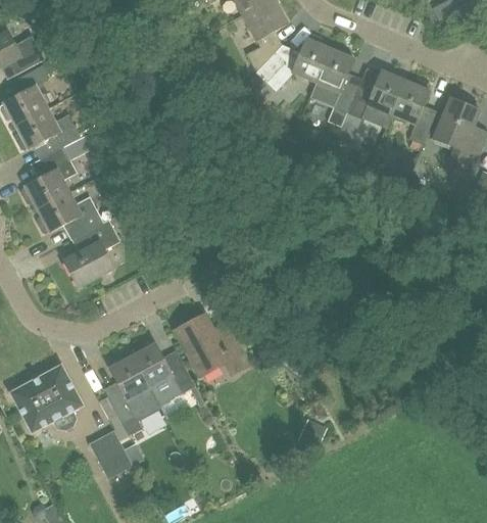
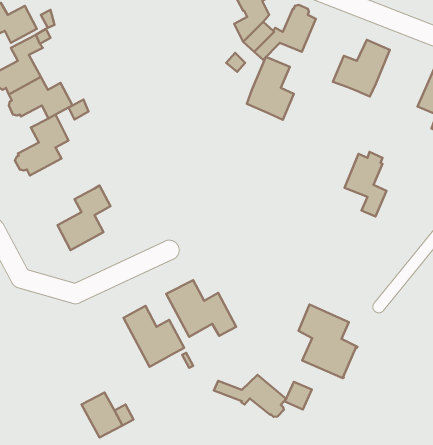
building: [309,48,357,112] -> [247,57,294,120]
building: [390,78,433,144] -> [345,152,386,217]
building: [36,191,102,235] -> none
building: none -> [298,304,358,378]
building: [106,353,160,435] -> none
building: [10,365,81,431] -> none
building: none -> [214,375,286,417]

